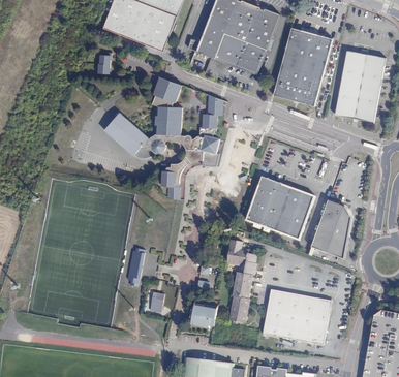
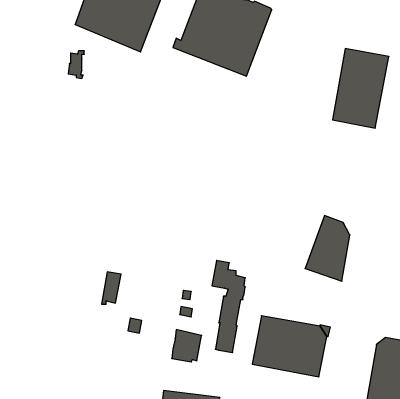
building: [273,27,332,105] -> none
building: [108,76,222,199] -> none
building: [245,176,315,240] -> none

